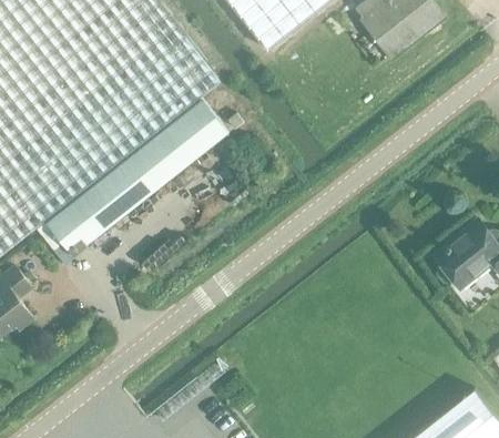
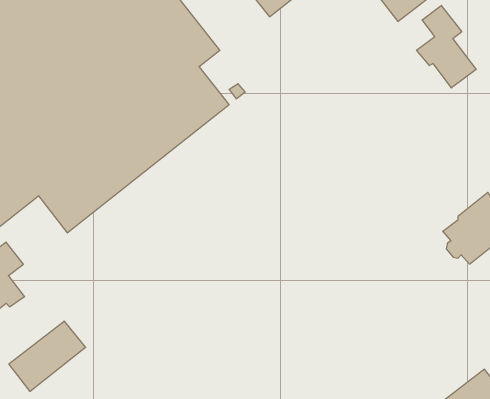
building: none -> [417,5,476,88]
building: none -> [9,321,86,391]

